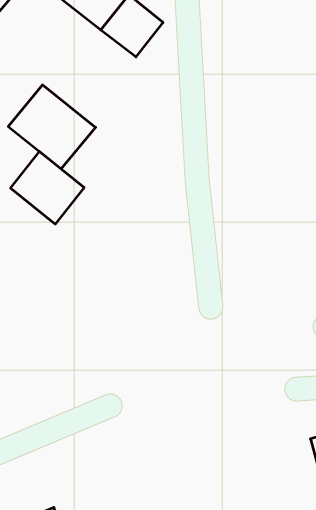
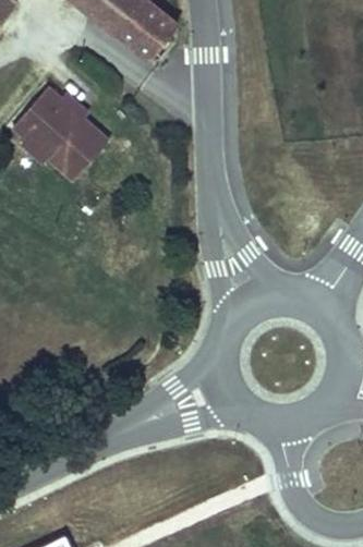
building: [11,151,84,224] -> none

